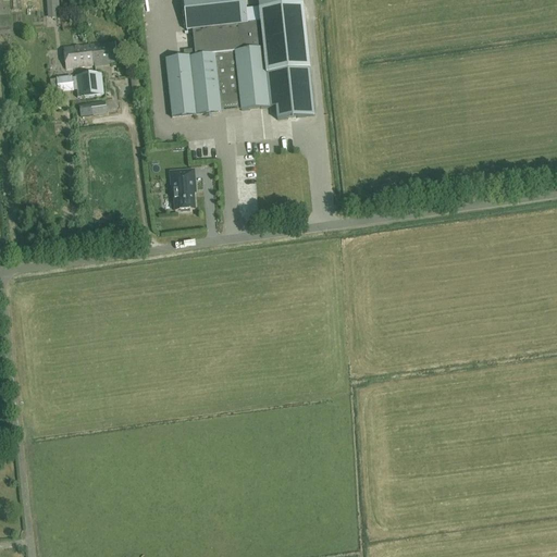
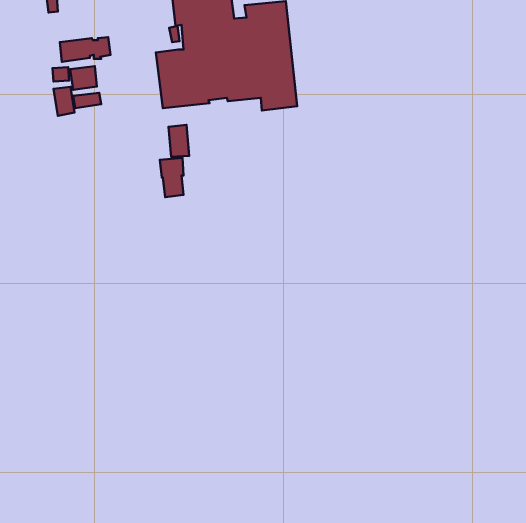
building: none -> [53,87,74,116]
building: none -> [169,125,189,157]

